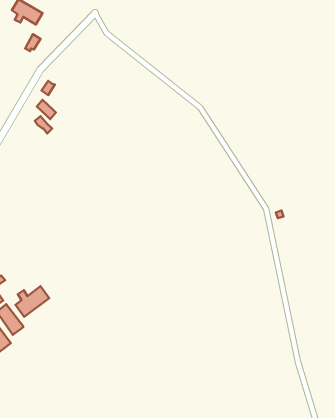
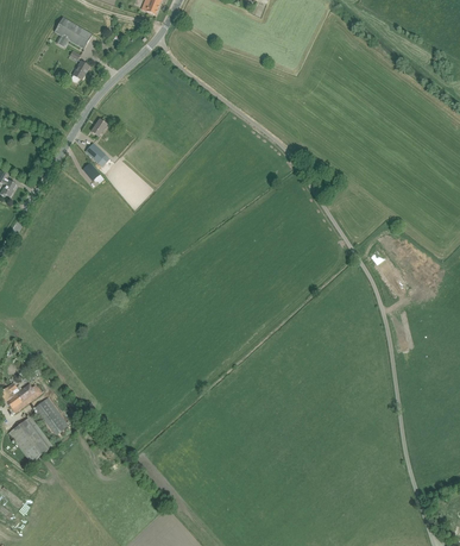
building: [15,286,49,317] -> none

